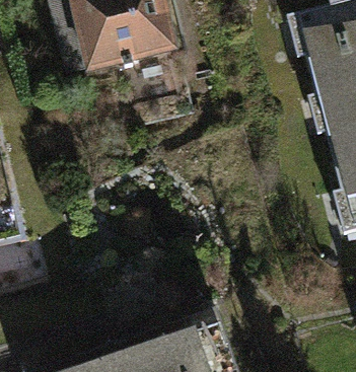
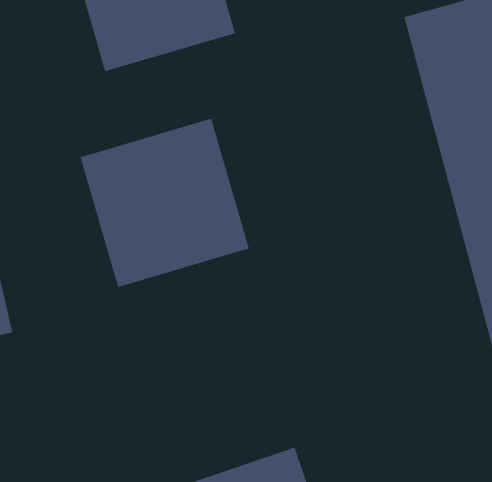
building: none -> [80,118,249,288]

